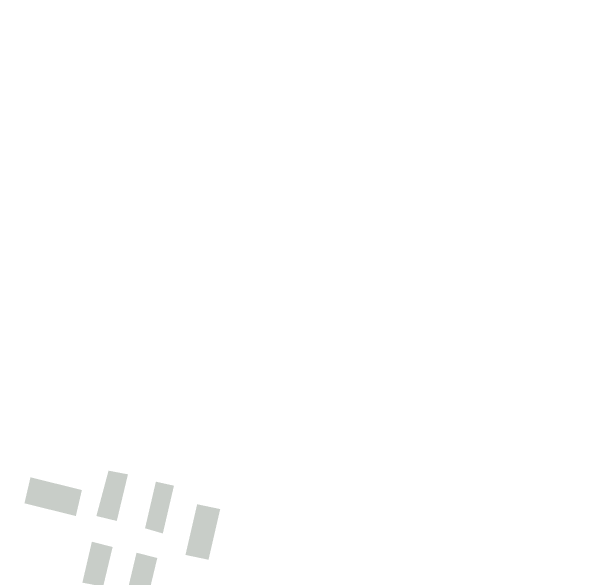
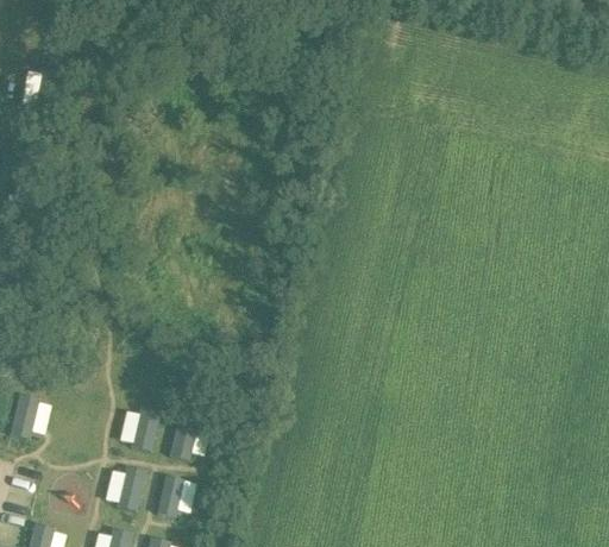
building: [24,476,83,517] -> none
building: [185,504,221,561] -> none

